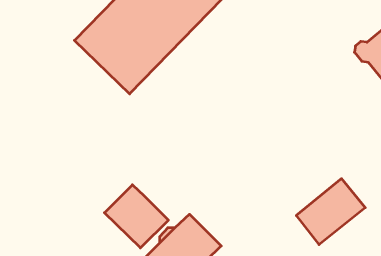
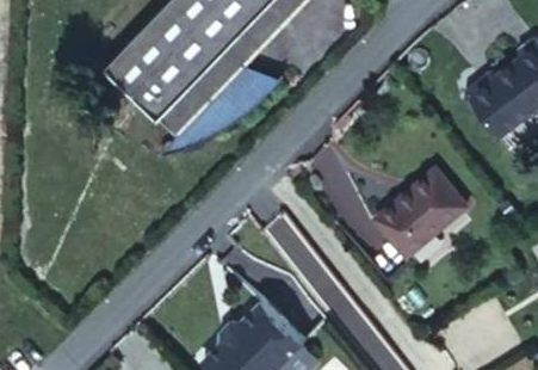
building: [296,179,365,245] -> [375,166,465,253]
building: [104,185,168,248] -> none

